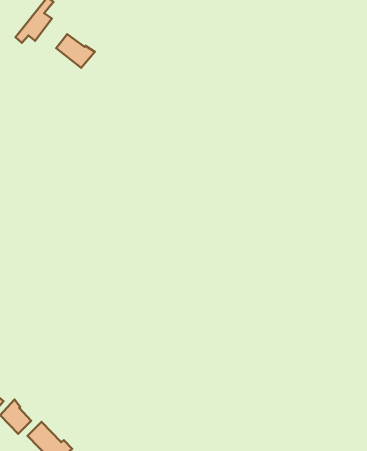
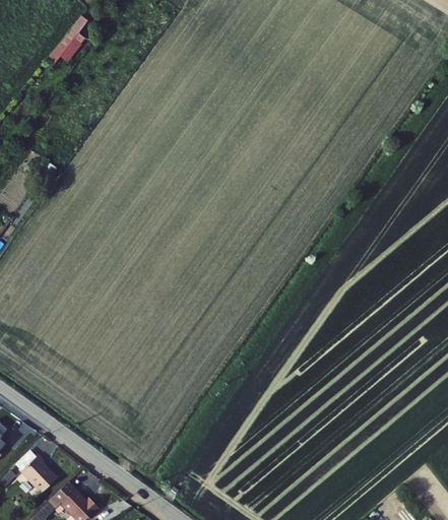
building: [56,34,95,68] -> none

